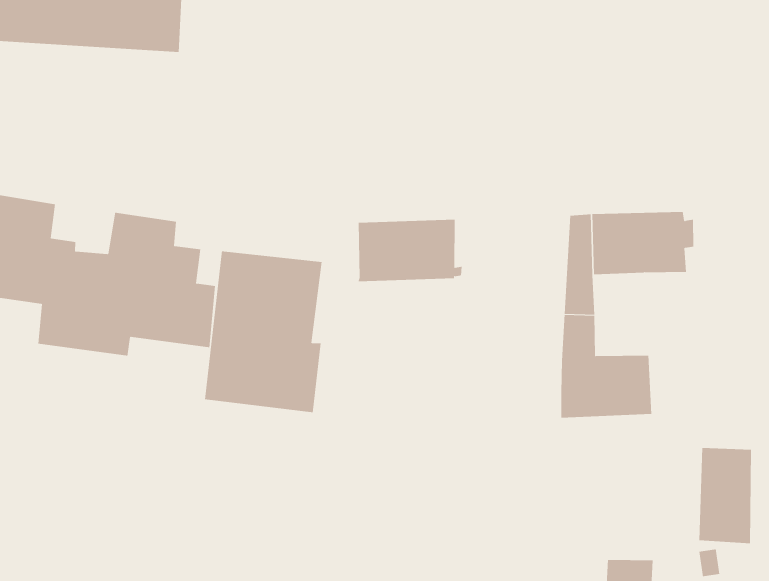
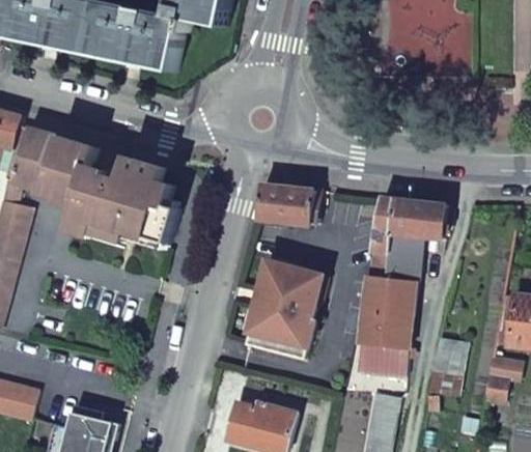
building: [204,251,323,413] -> [245,262,323,361]
building: none -> [385,232,419,282]
building: none -> [357,310,412,376]

